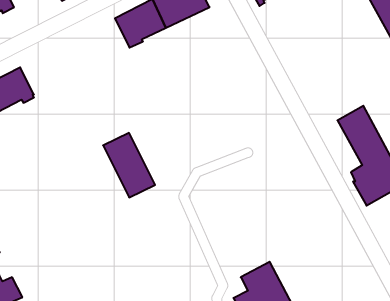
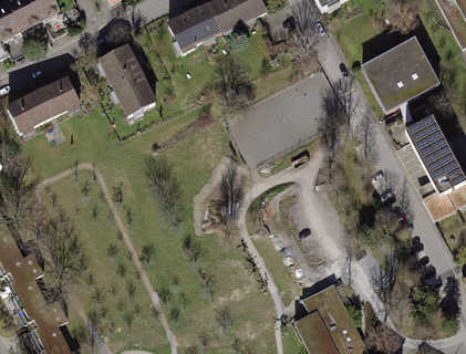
building: none -> [361,37,441,114]
building: [103,133,155,197] -> [99,45,154,114]

